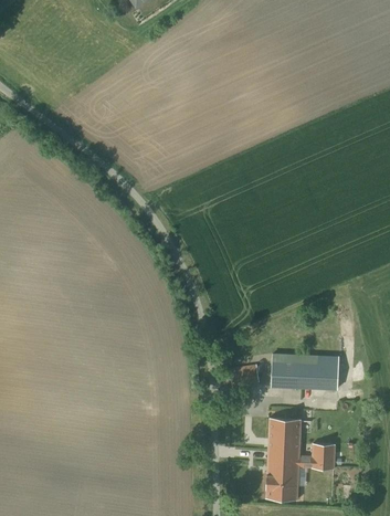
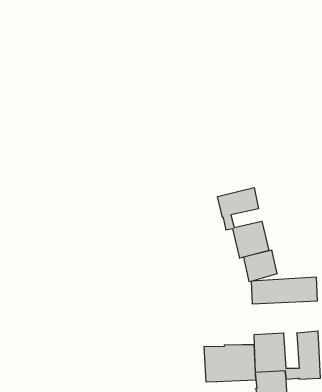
building: none -> [217,188,269,258]
building: none -> [204,344,256,382]

